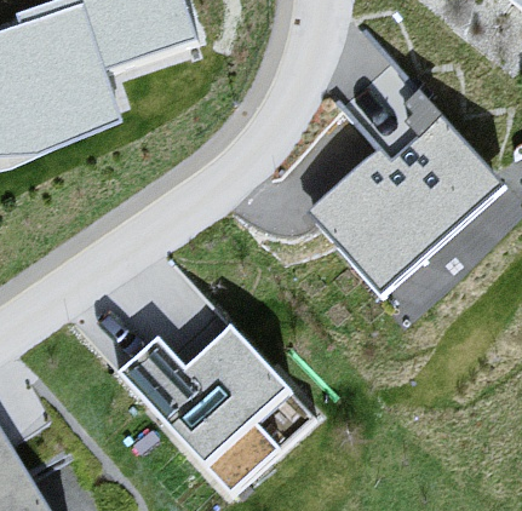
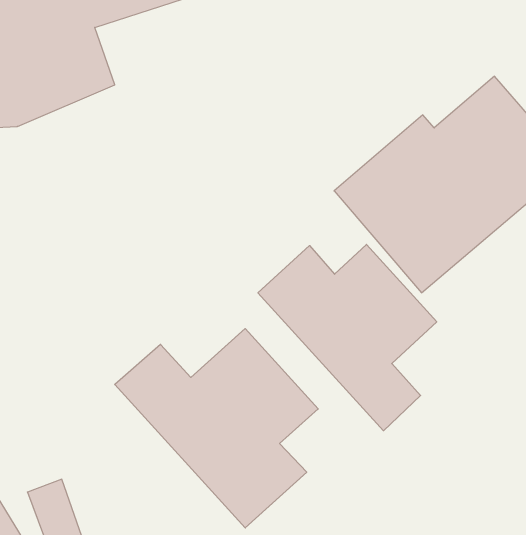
building: none -> [258,244,437,431]

